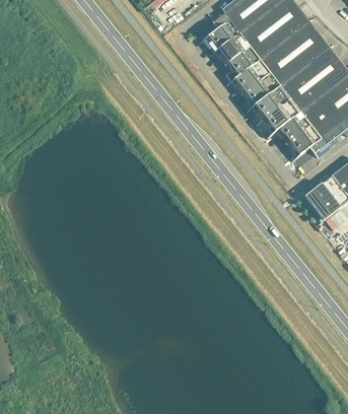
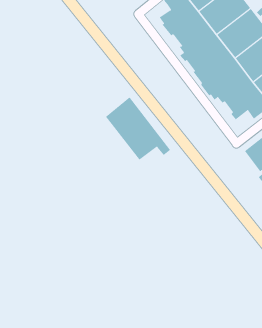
building: none -> [105,96,171,161]

